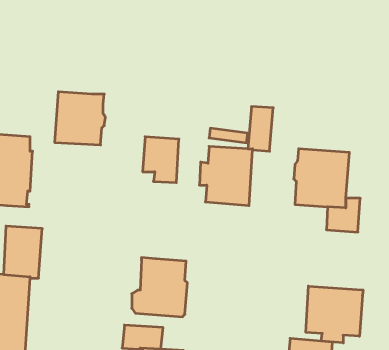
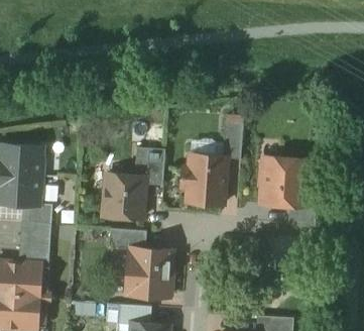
building: [55,92,105,145] -> [103,175,145,219]
building: none -> [20,204,51,224]
building: none -> [109,229,146,250]
building: [306,286,363,343] -> none

